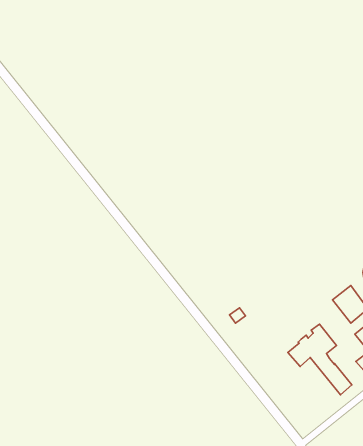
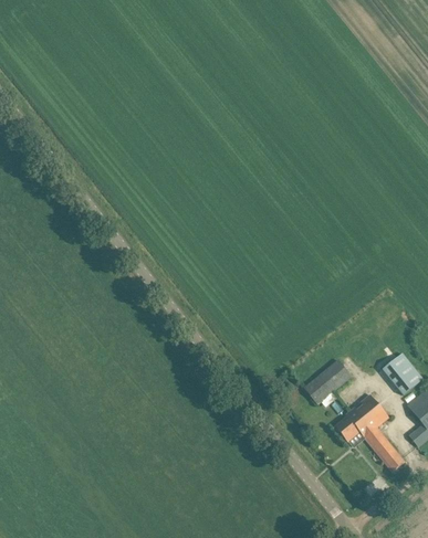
building: none -> [304,357,351,403]

